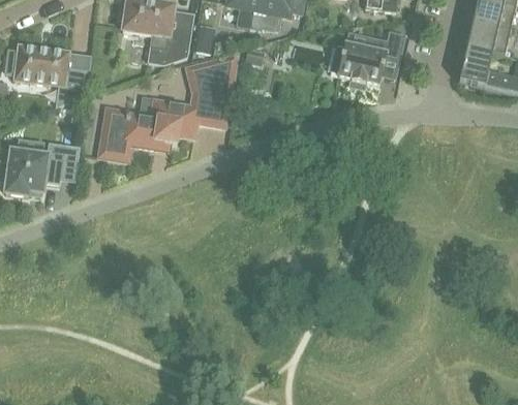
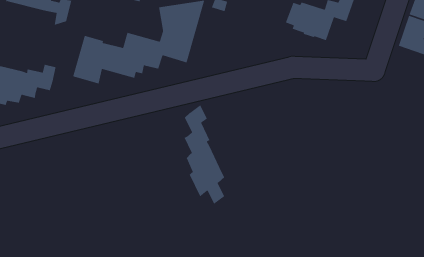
building: none -> [183,104,225,205]

